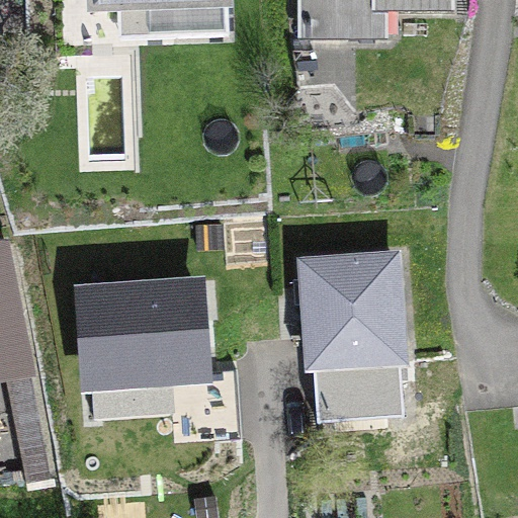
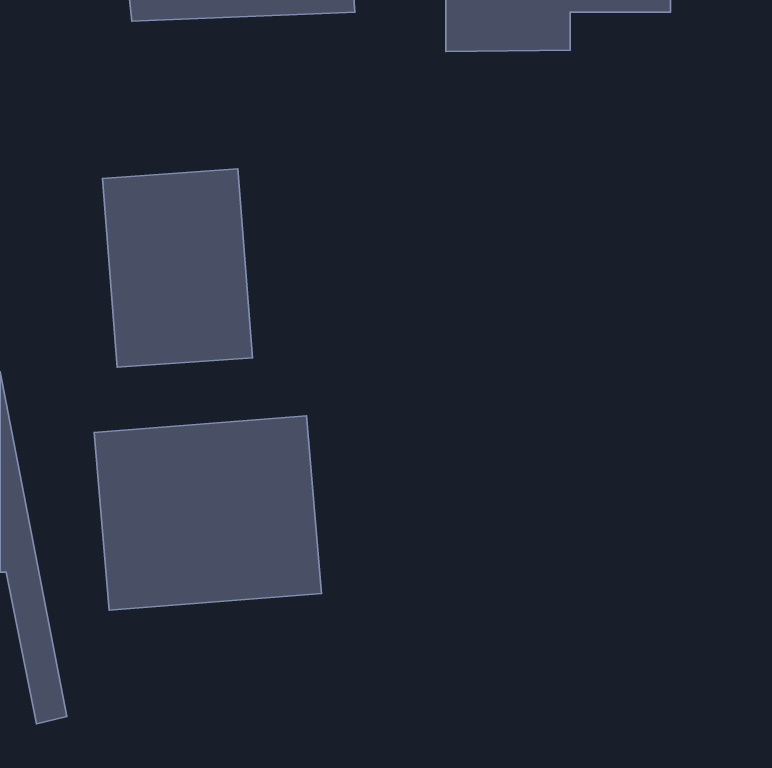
building: none -> [102,169,253,367]
building: [316,265,403,394] -> none

